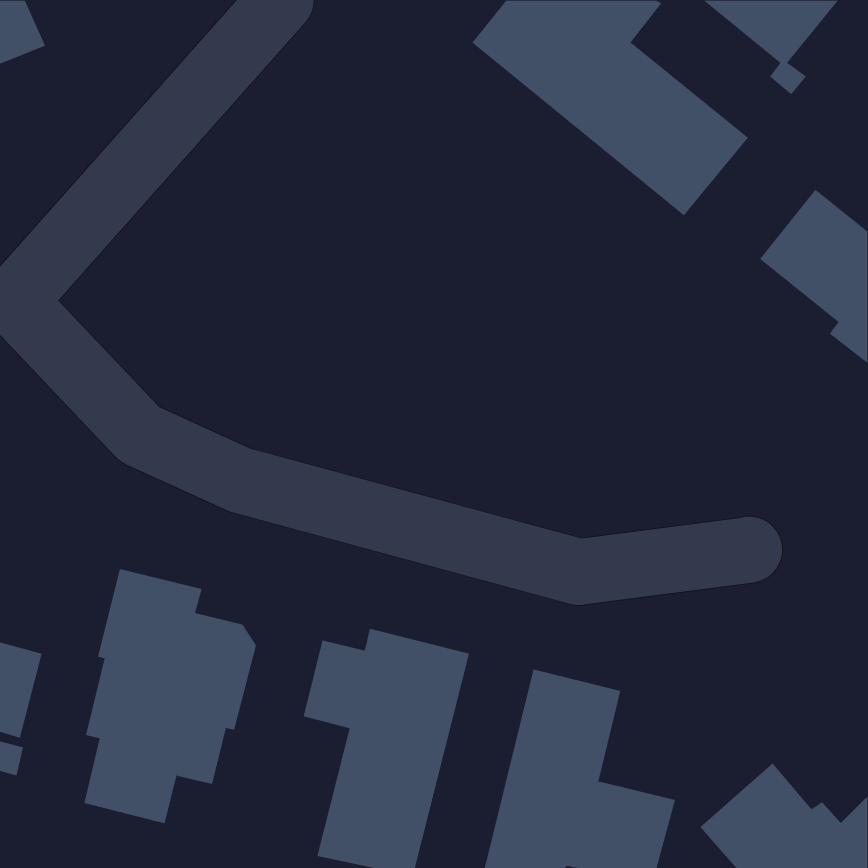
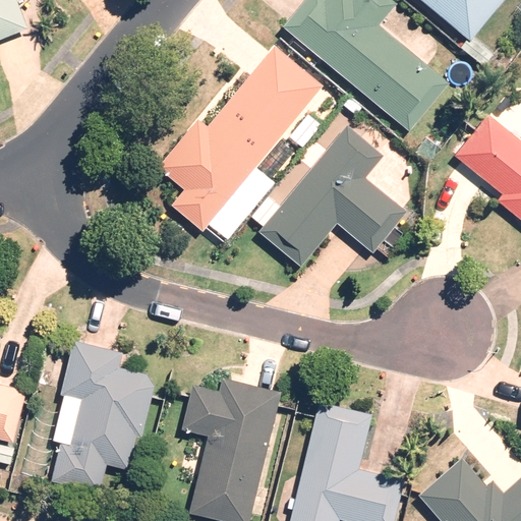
building: none -> [157,46,322,239]
building: none -> [251,124,406,267]

